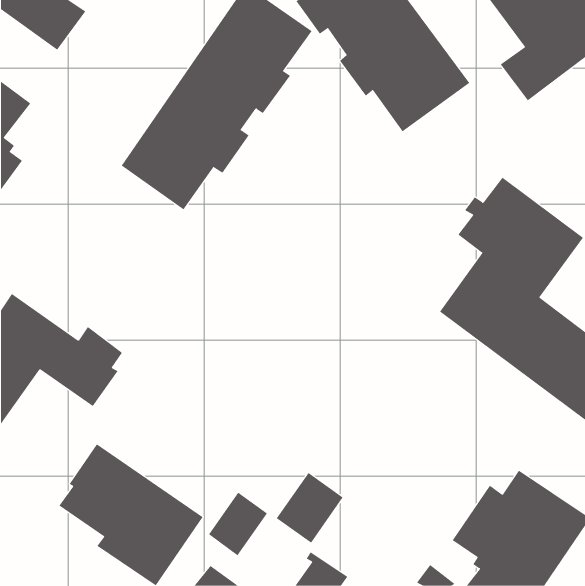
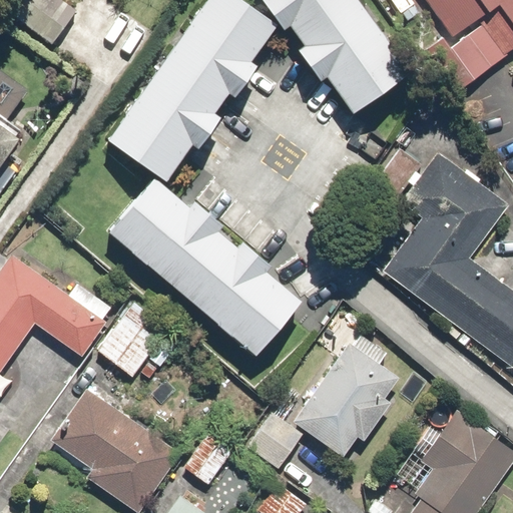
building: none -> [109,181,299,357]
building: none -> [96,314,161,379]
building: none -> [290,331,400,455]

